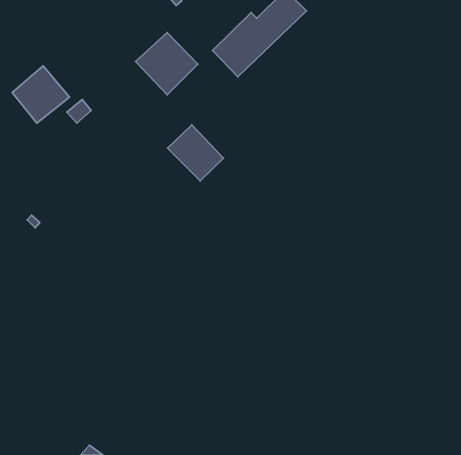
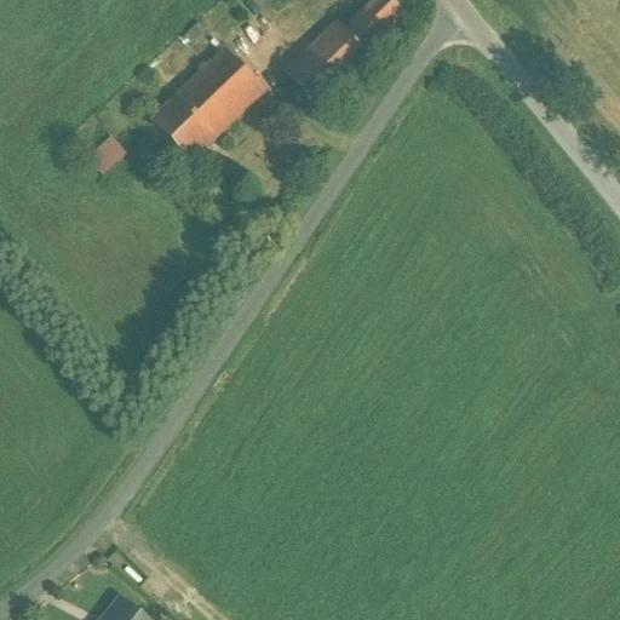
building: [12,66,70,123] -> none
building: [167,125,224,181] -> [149,82,224,157]

